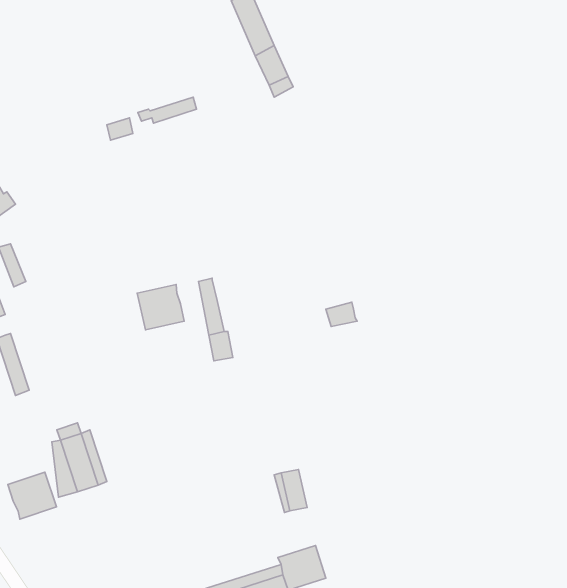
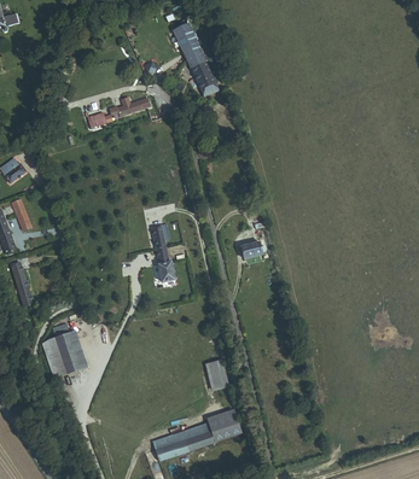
building: [137,285,184,330] -> none
building: [8,472,57,519] -> none

